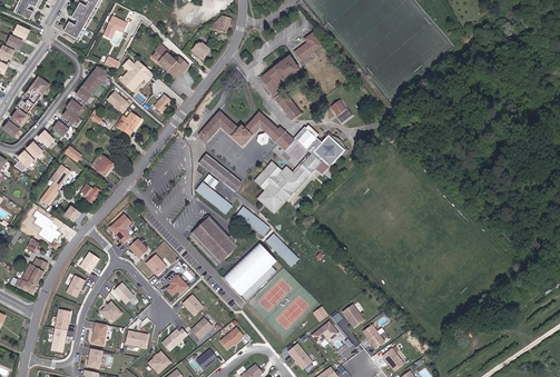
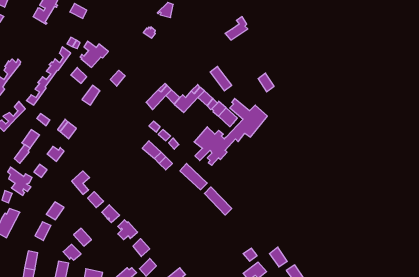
building: [154,44,189,77] -> none
building: [257,54,296,93] -> none
building: [193,218,234,259] -> none
building: [222,240,276,298] -> none

